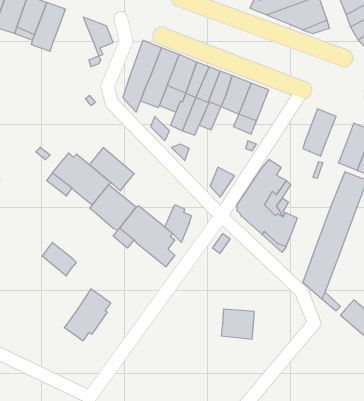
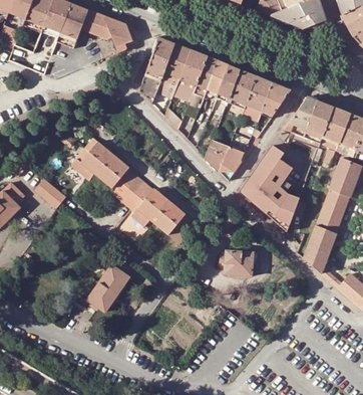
building: none -> [81,9,112,38]
building: none -> [262,82,291,116]
building: none -> [285,95,317,136]
building: none -> [320,107,350,164]
building: [89,148,134,191] -> none
building: [165,205,191,242] -> [205,136,229,170]
building: [42,243,76,276] -> [35,178,66,208]
building: [221,309,254,339] -> [224,249,254,276]

